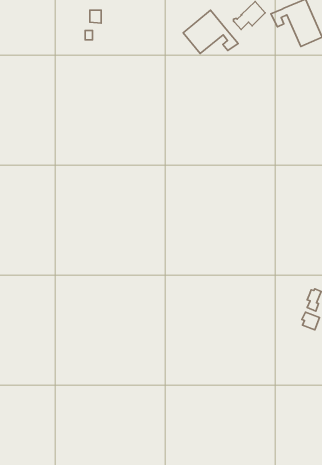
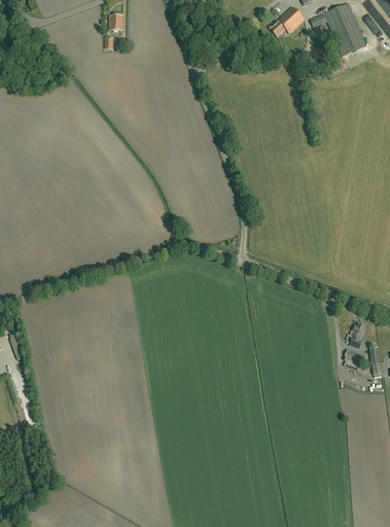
building: [183,10,238,53] -> none

